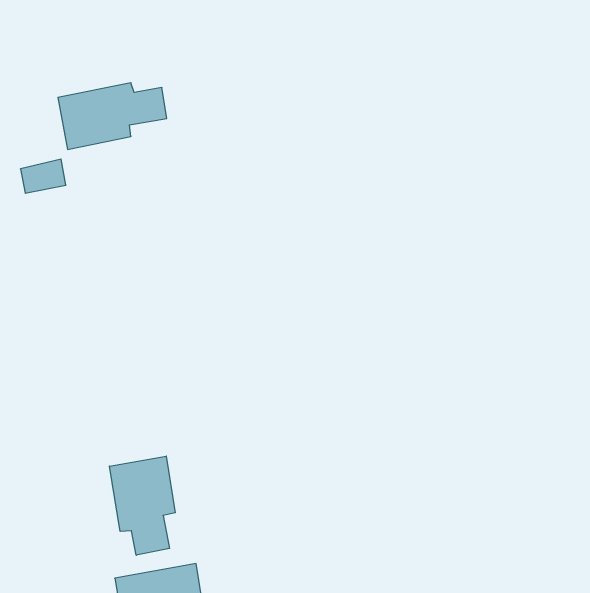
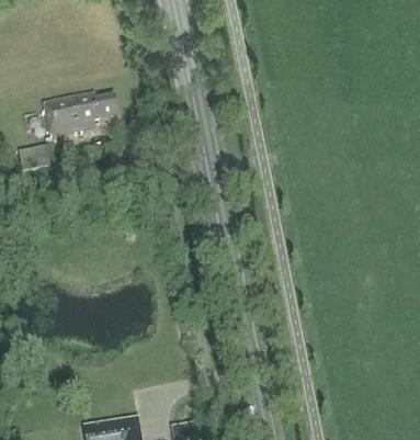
building: [109,456,175,555] -> none

